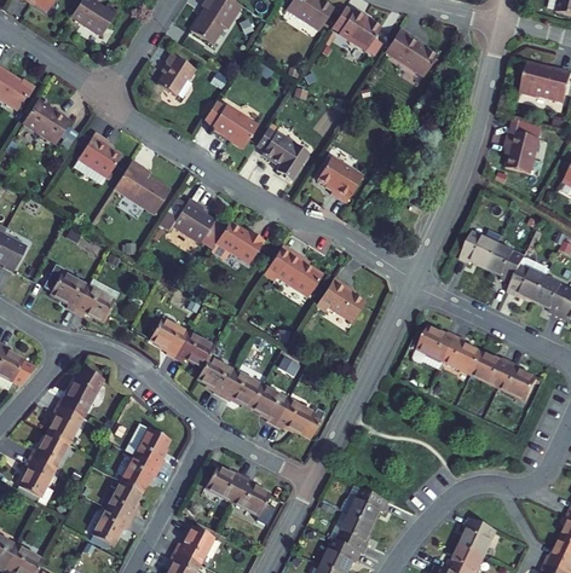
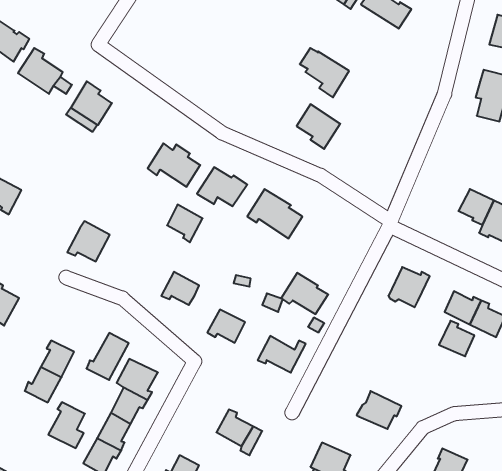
building: [156,53,195,96] -> none
building: [203,100,258,150] -> none
building: [255,128,307,180] -> [300,48,349,97]
building: [114,161,171,214] -> none
building: [460,231,501,268] -> none
building: [42,265,87,312] -> none
building: [316,278,365,322] -> [281,273,328,314]
building: [149,318,186,358] -> [167,205,203,242]
building: [444,337,481,375] -> [439,321,474,356]
building: [196,358,235,397] -> none
building: [57,367,102,417] -> [86,333,129,380]
building: [250,386,288,426] -> none
building: [15,458,53,507] -> [48,402,85,448]
building: [204,467,244,502] -> none
building: [340,486,387,526] -> [357,391,401,429]

